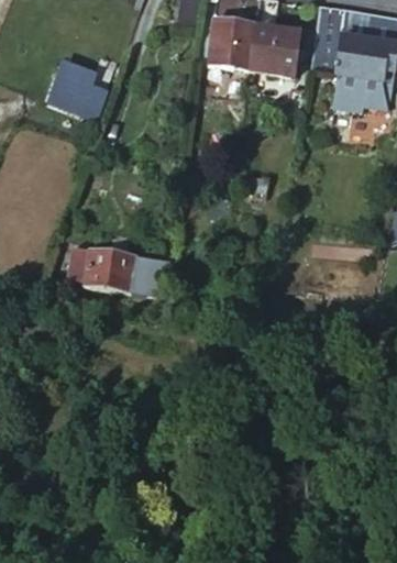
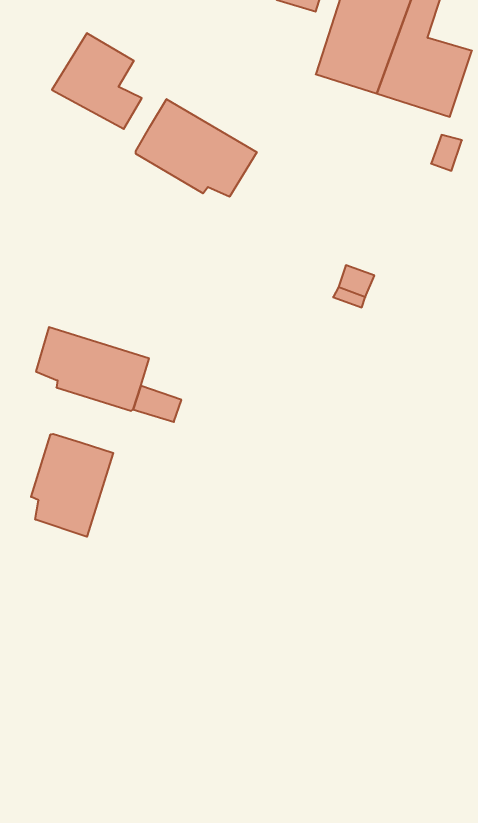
building: none -> [136,99,257,197]
building: none -> [31,434,113,537]

